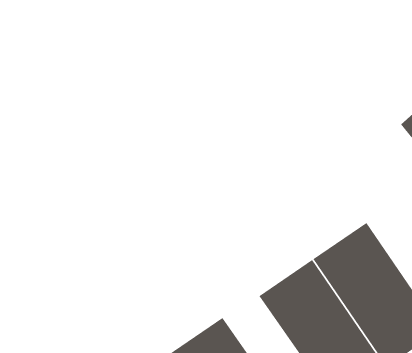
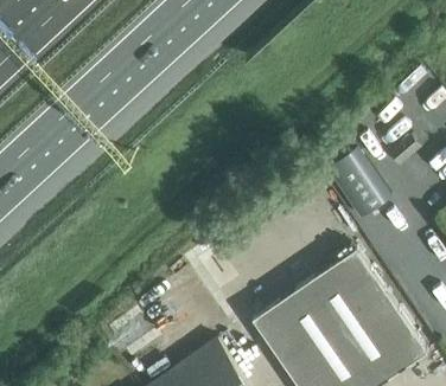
building: none -> [319,135,393,219]

